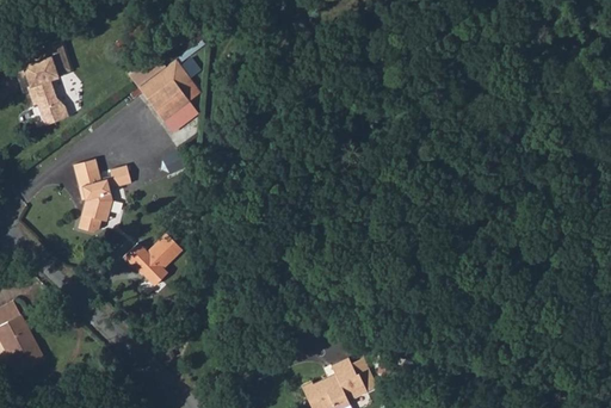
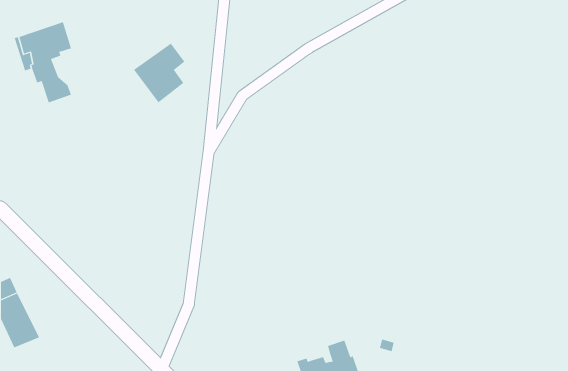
building: [79,154,136,227] -> none
building: [128,230,185,280] -> none

